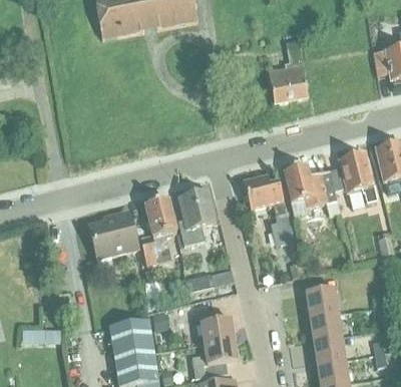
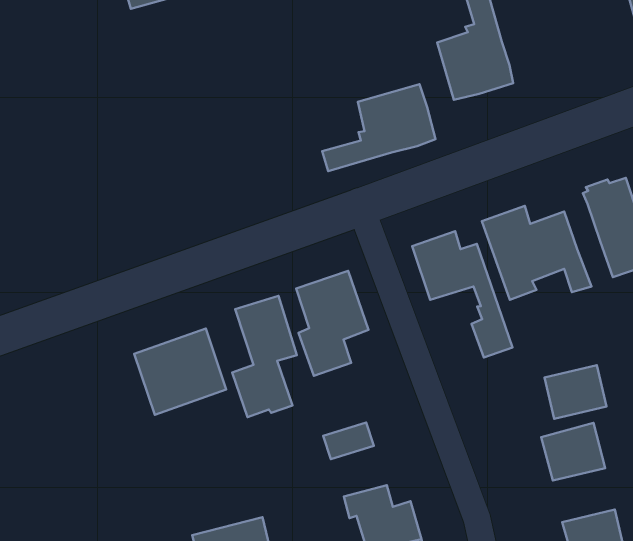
building: none -> [322,84,436,171]
building: [309,310,341,337] -> [545,365,606,419]

